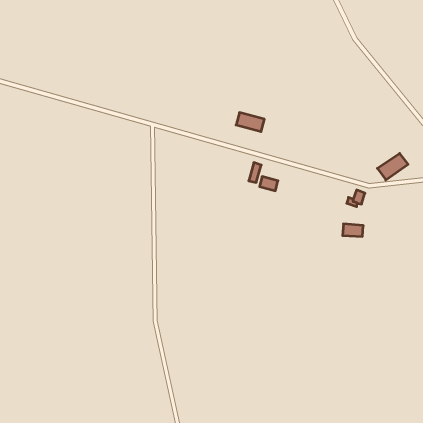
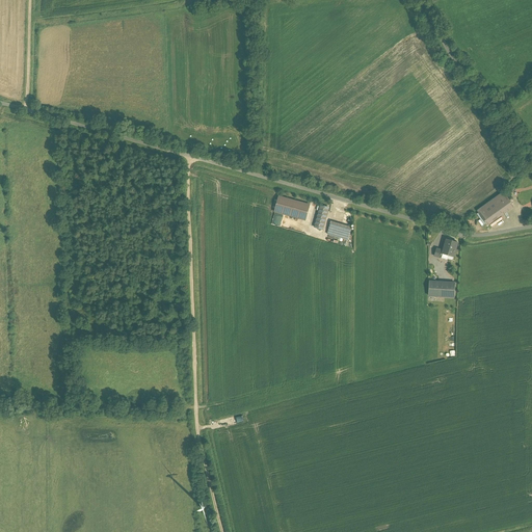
building: [236,113,264,132] -> [275,195,311,219]

